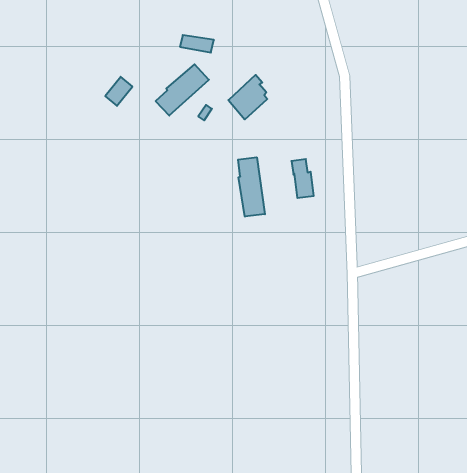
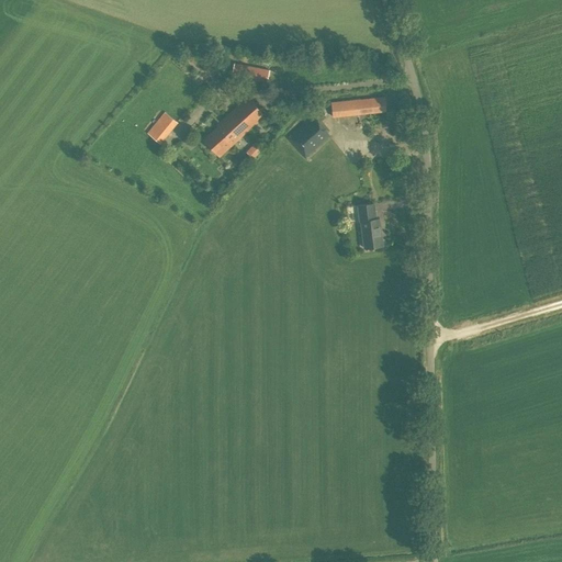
building: none -> [331,98,386,117]
building: [238,157,265,217] -> none

